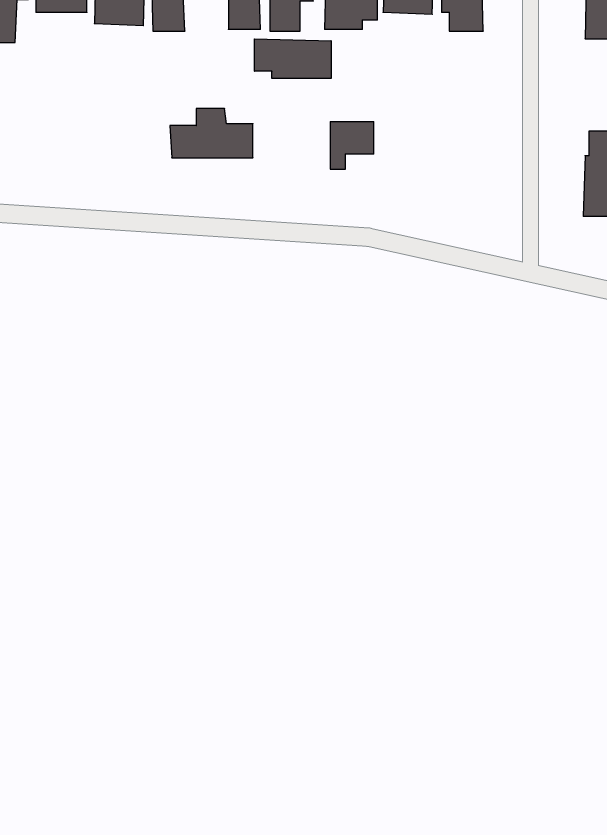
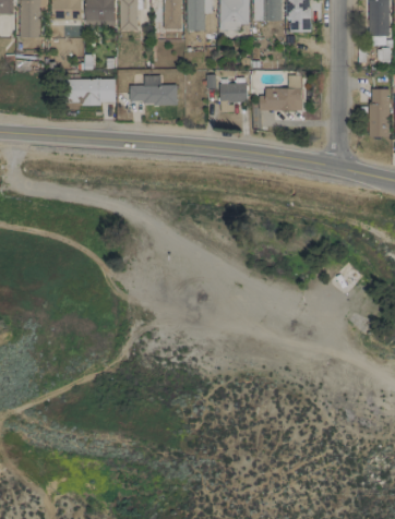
building: [255,39,331,78] -> none
building: none -> [262,75,303,110]
building: none -> [70,79,117,104]

